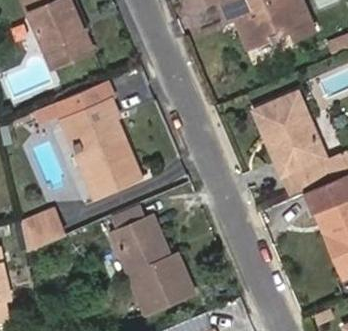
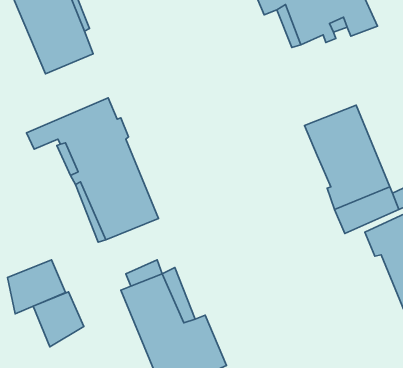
building: none -> [33,292,84,347]

